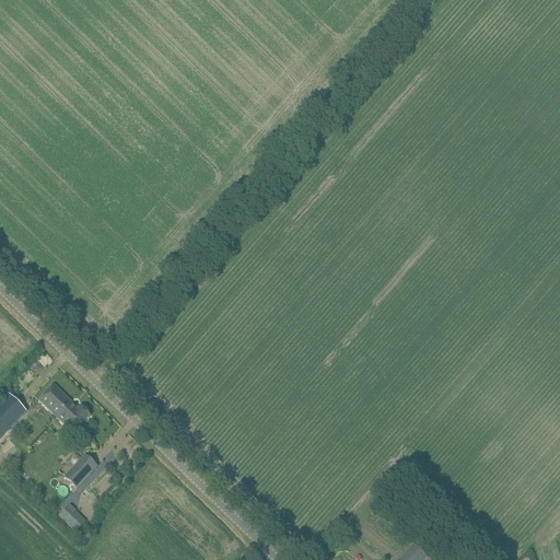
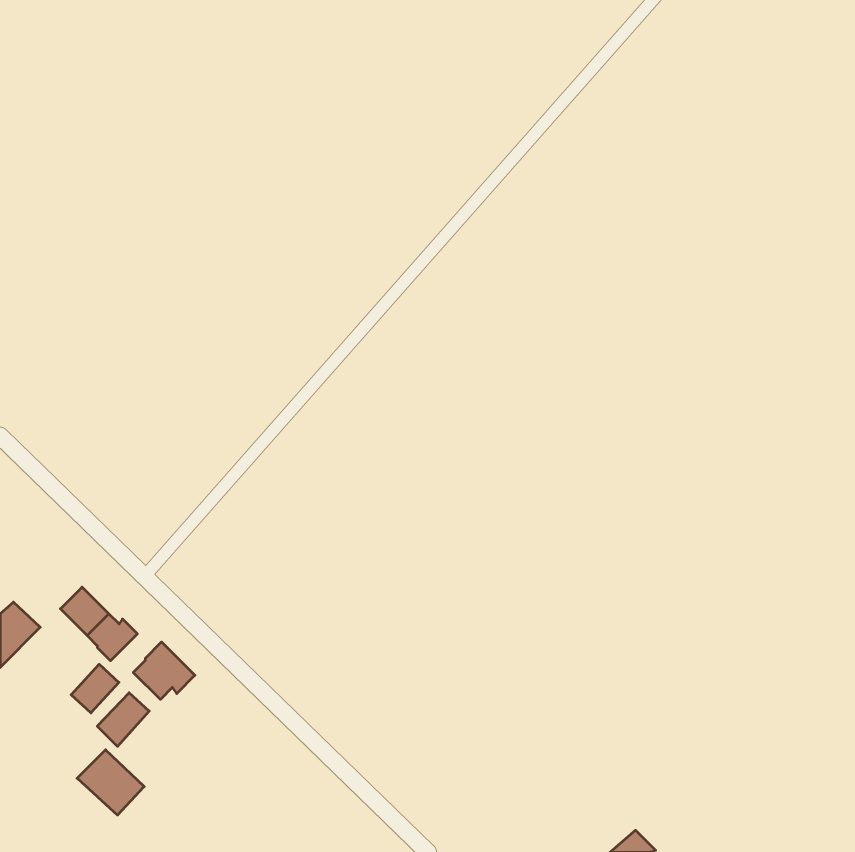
building: none -> [133,642,195,699]
building: none -> [71,664,119,713]

